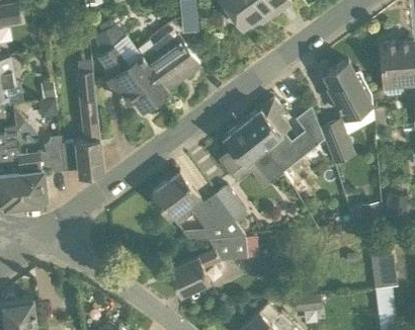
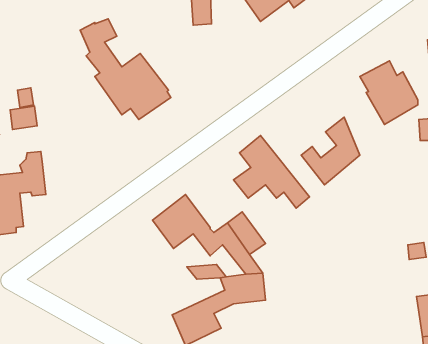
building: [146,36,199,86] -> none
building: [62,72,102,177] -> none
building: [242,99,311,188] -> none
building: [321,119,353,164] -> none

